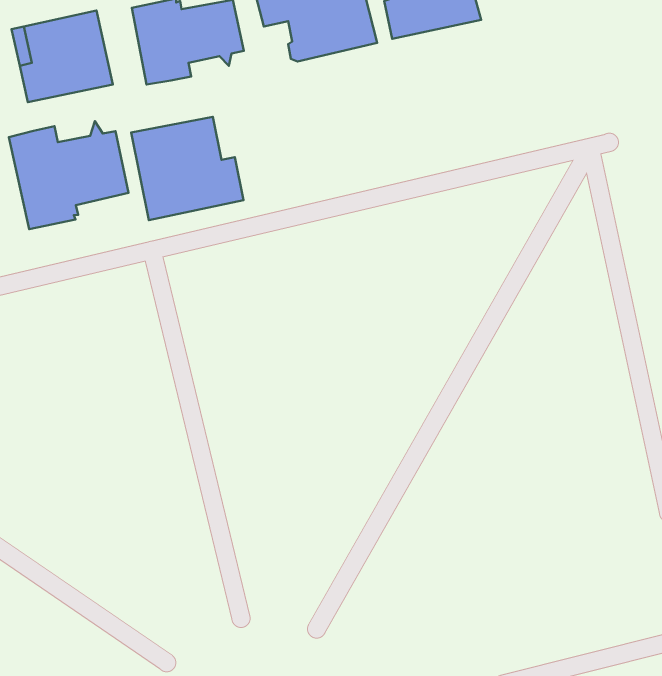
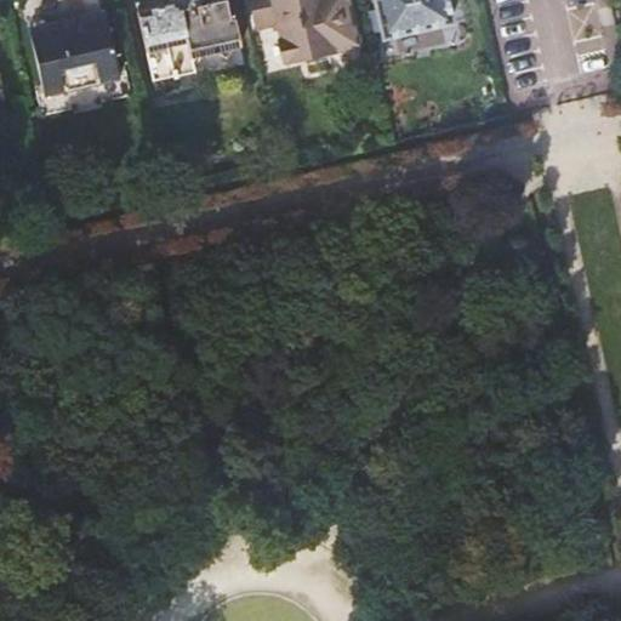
building: [131,117,243,220] -> none
building: [9,121,128,229] -> none

